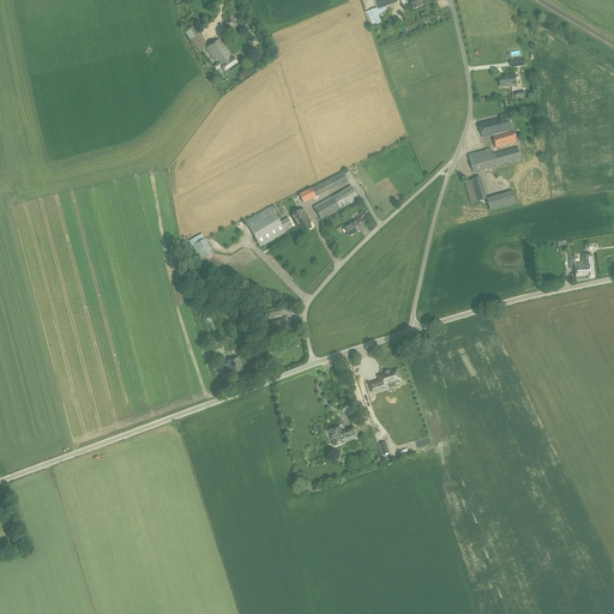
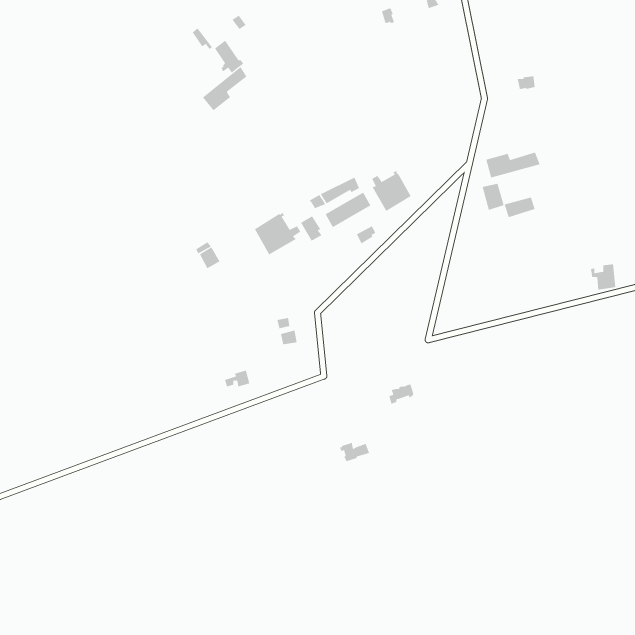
building: none -> [202,66,247,111]
building: [478,113,516,146] -> none
building: none -> [371,170,411,212]

